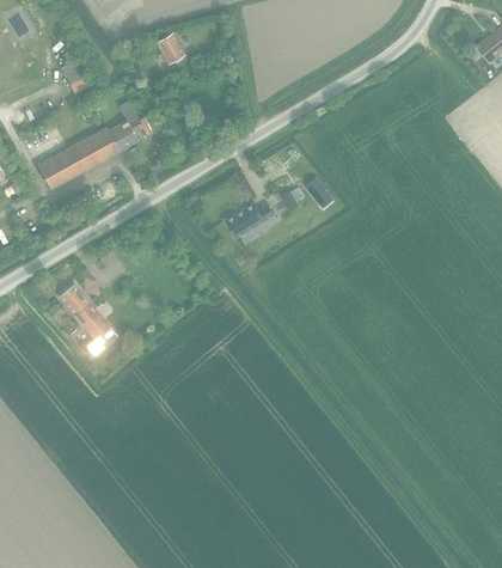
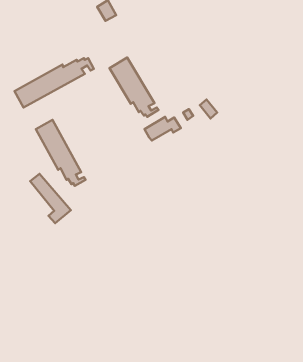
building: none -> [109,58,159,117]
building: none -> [36,120,85,186]

